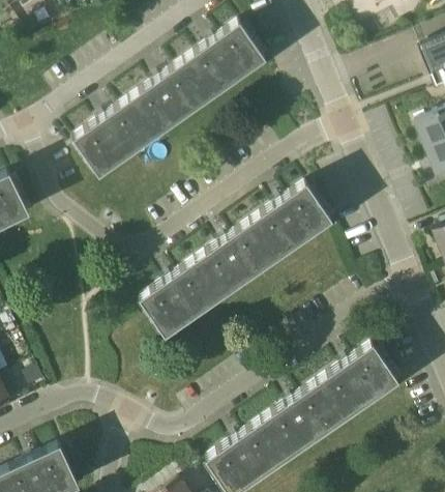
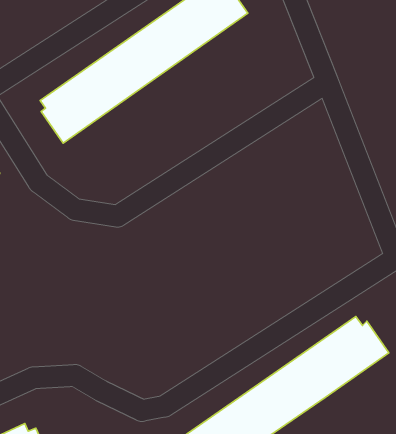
building: [140,185,338,342] -> none

